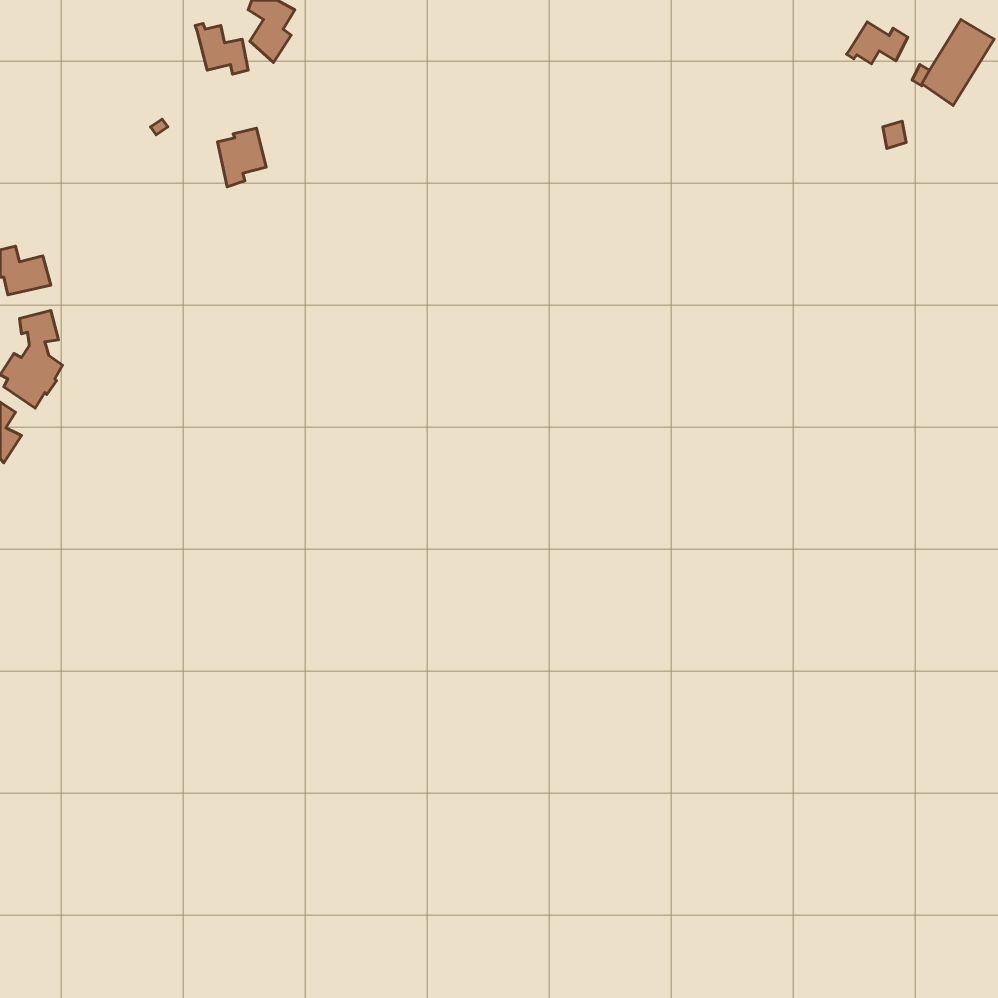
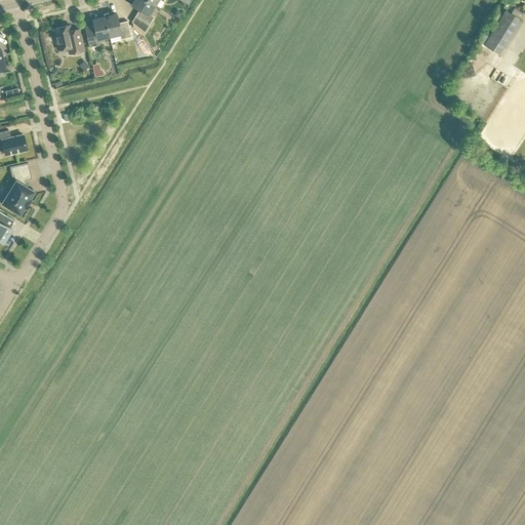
building: [846,22,908,64] -> none
building: none -> [53,25,83,53]
building: [217,128,266,187] -> [83,16,109,47]

